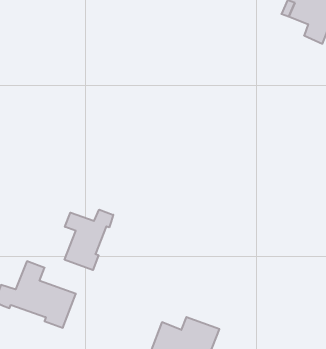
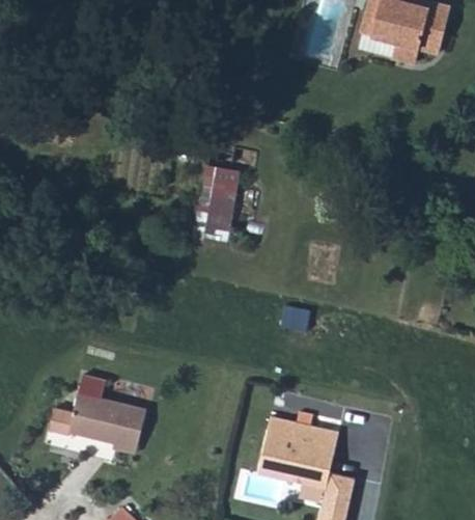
building: none -> [195,166,238,244]
building: [65,210,113,270] -> none

